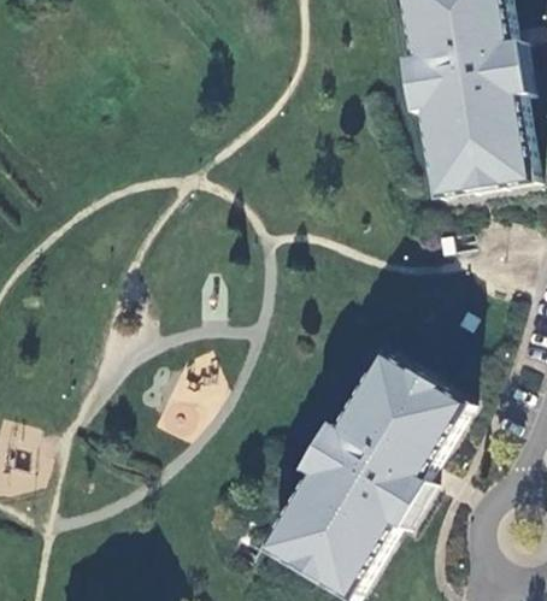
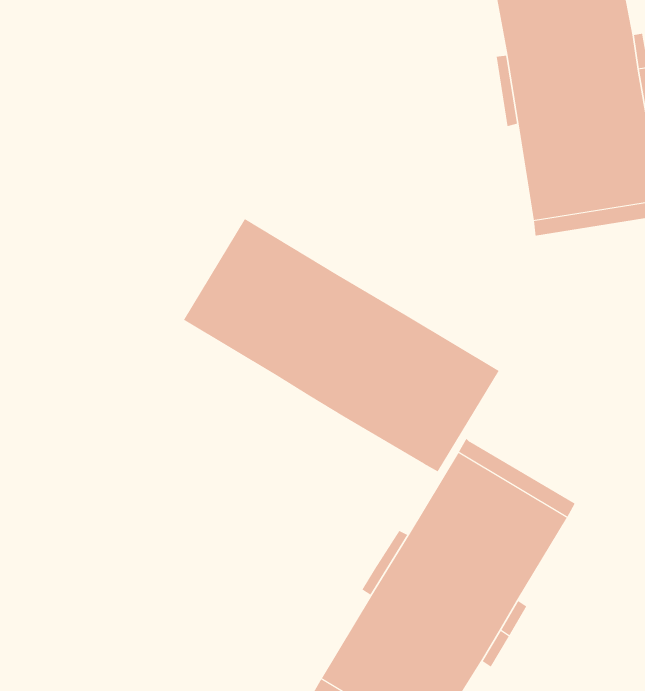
building: none -> [183,218,500,472]

